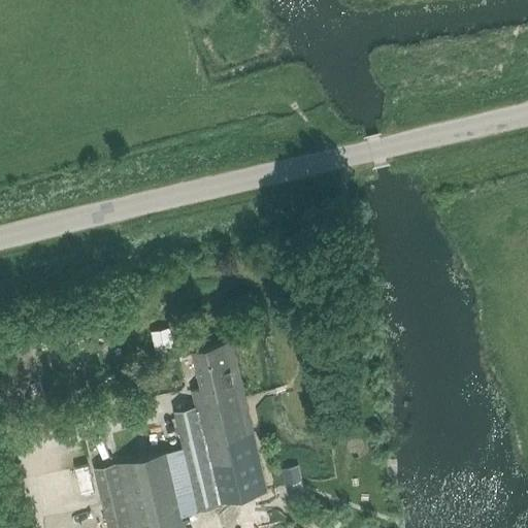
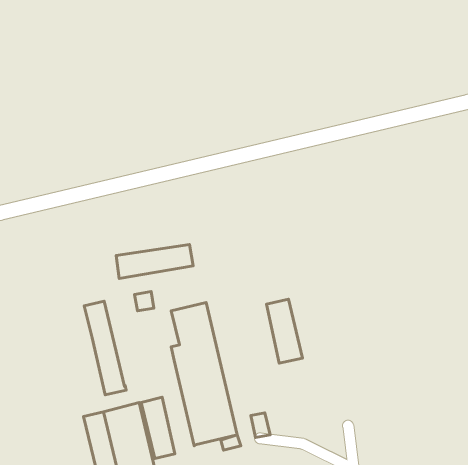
building: none -> [116,244,193,278]
building: none -> [266,299,303,363]
building: [173,409,221,515] -> [84,301,126,395]

